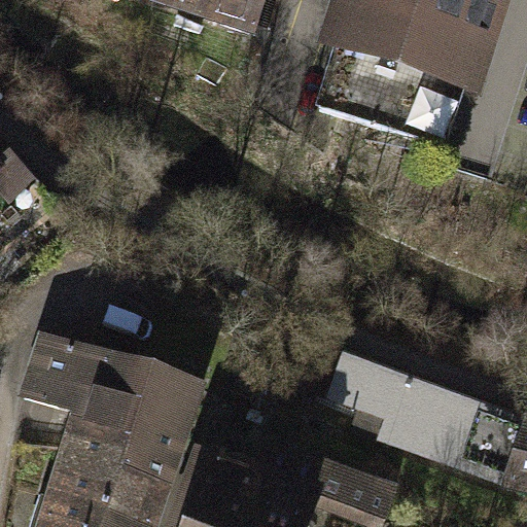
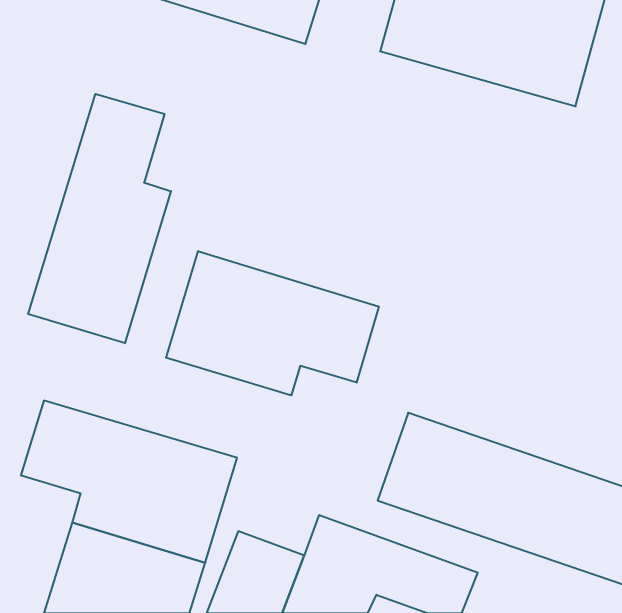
building: none -> [28,94,171,343]
building: none -> [166,251,379,395]

